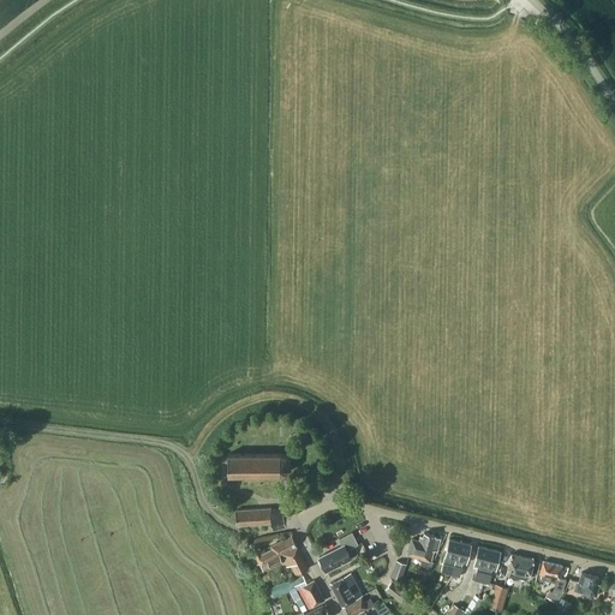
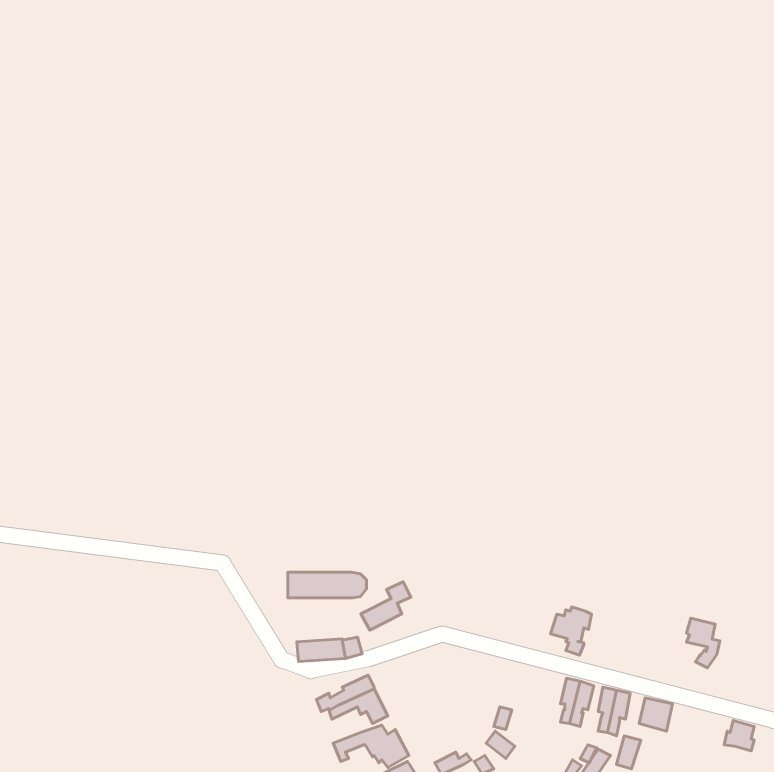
building: [318,533,358,572] -> [361,582,411,630]
building: [407,533,440,572] -> [551,607,592,655]
building: [539,562,566,602] -> [686,618,720,668]
building: [330,574,363,607] -> none

